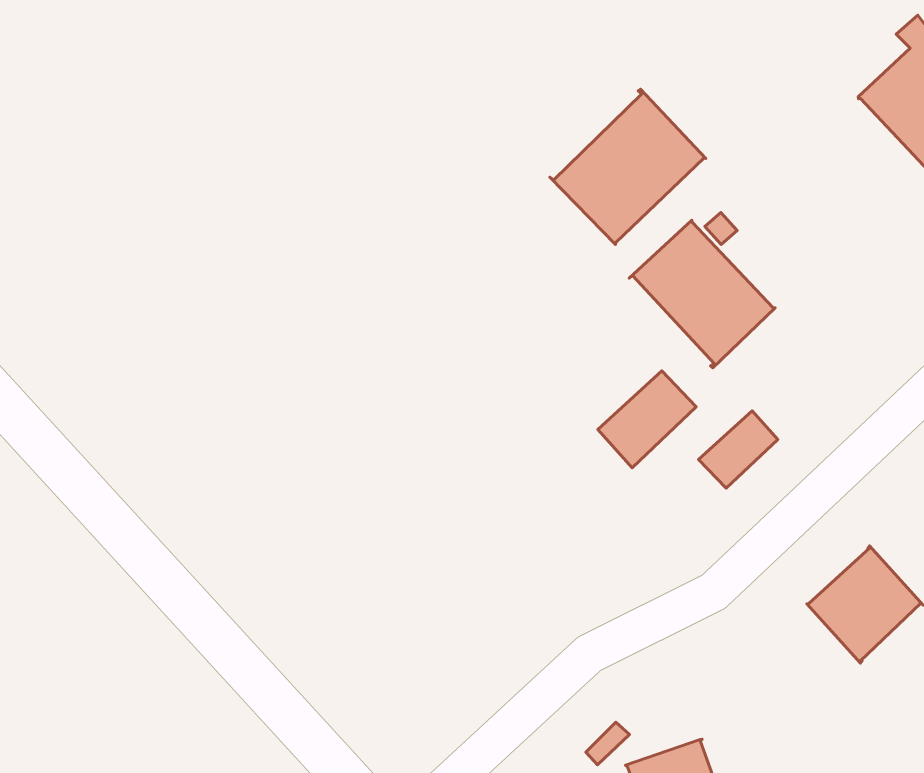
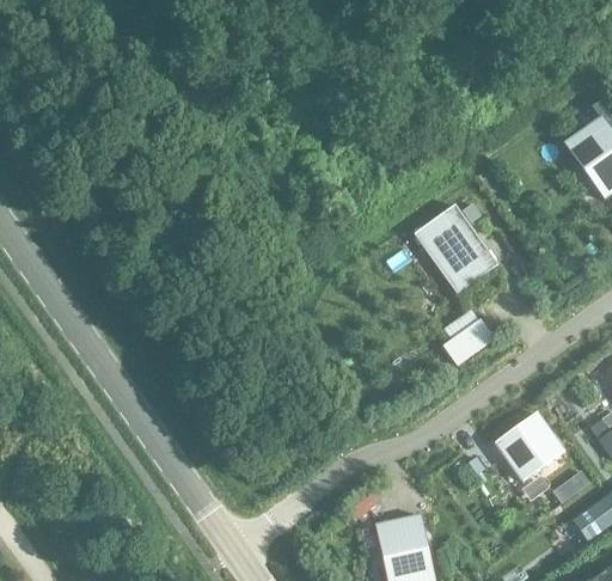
building: [550,89,706,245] -> none
building: [598,371,696,468] -> none

